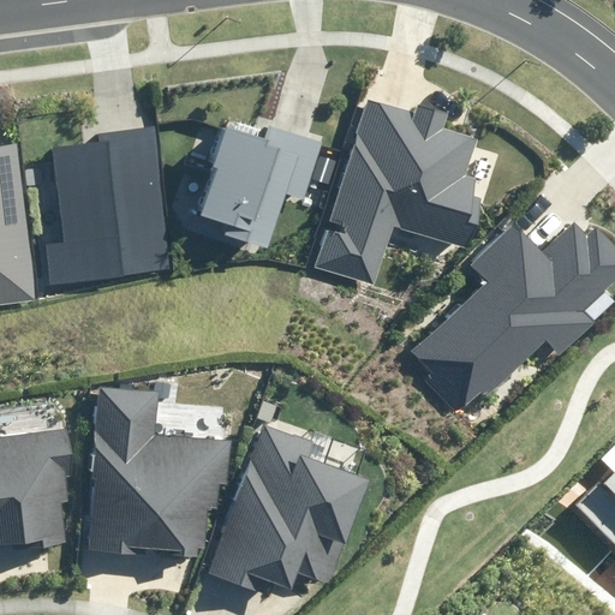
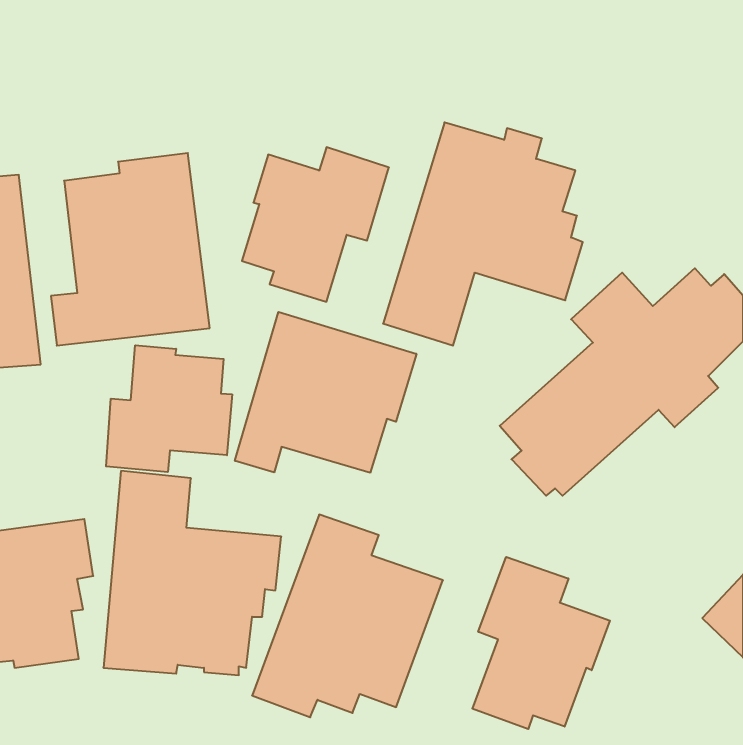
building: none -> [235,312,416,473]
building: none -> [106,345,232,472]
building: none -> [472,557,610,729]

